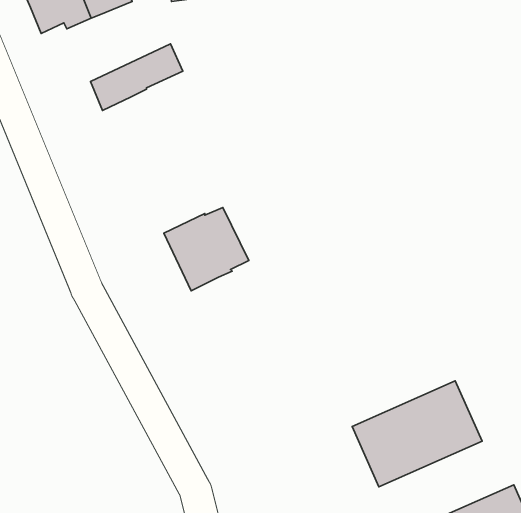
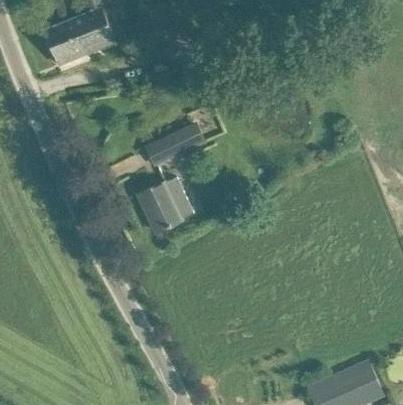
building: [90,44,183,110] -> [146,122,207,166]
building: [352,381,482,487] -> none

